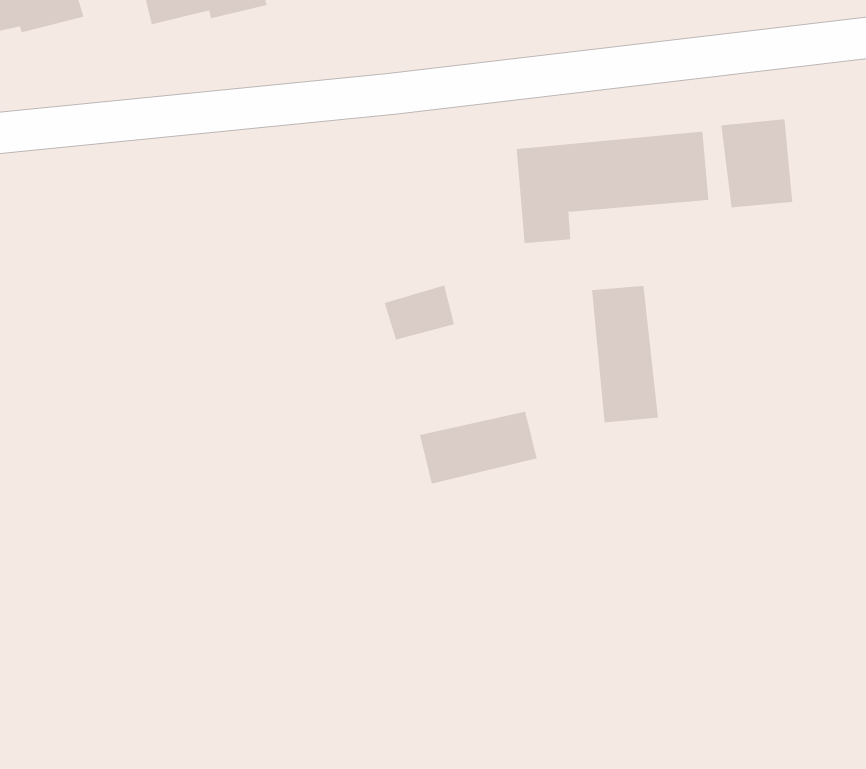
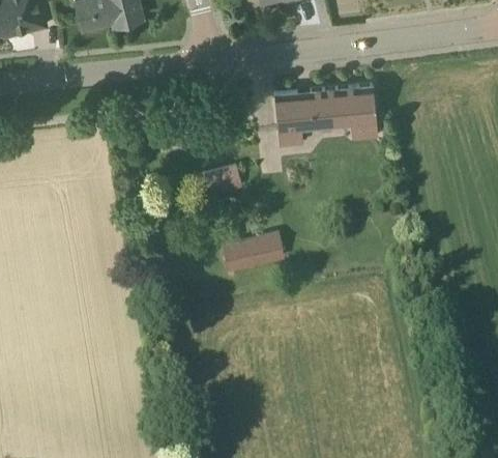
building: [721,119,793,208] -> none
building: [591,285,659,423] -> none

